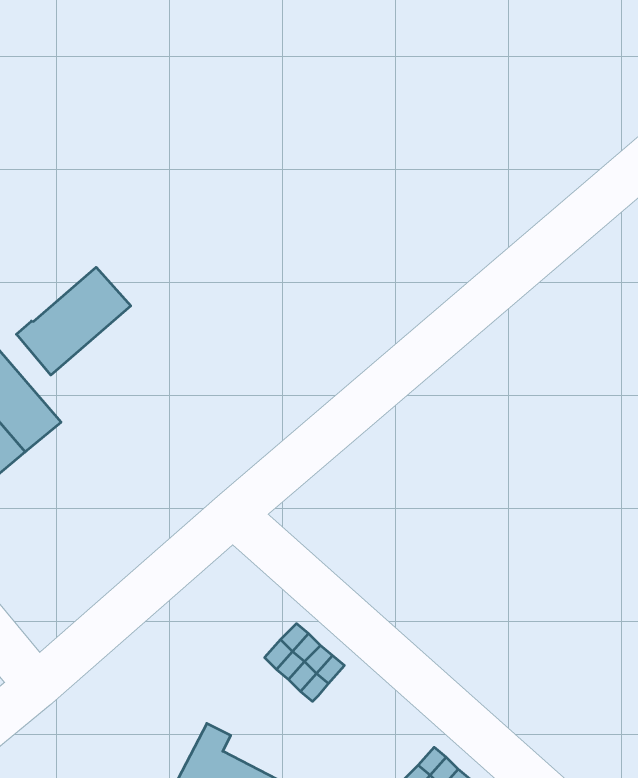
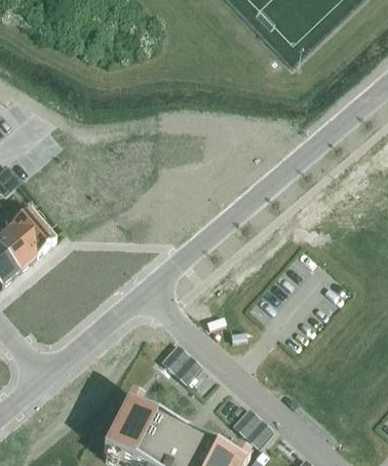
building: [16,267,131,375] -> none

